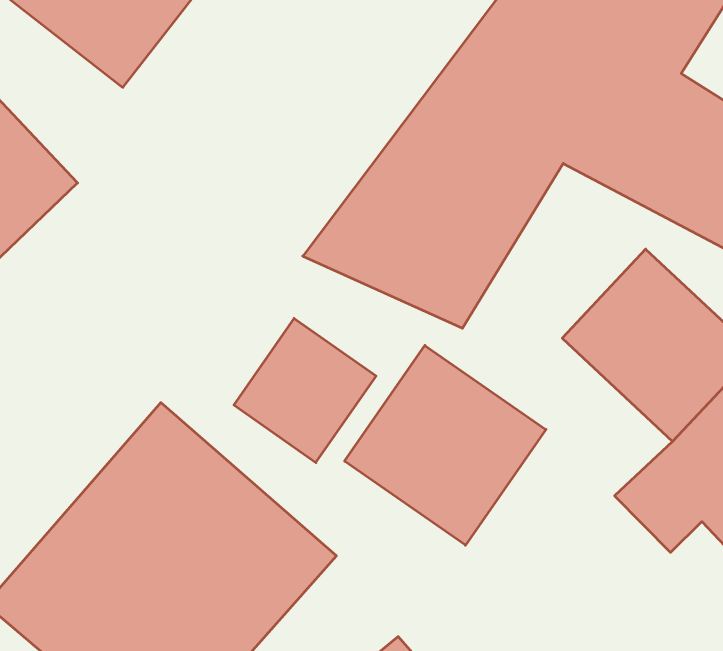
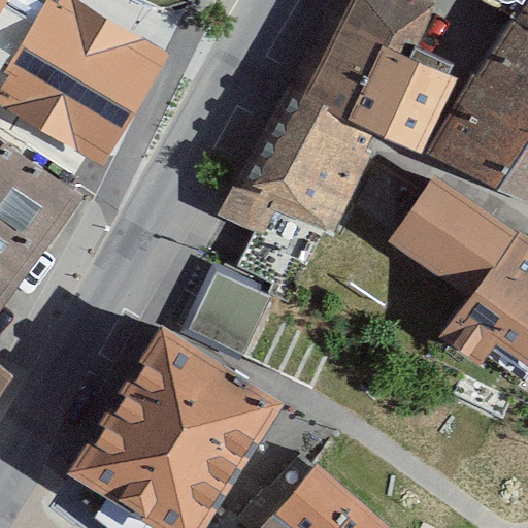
building: [345,345,546,545] -> none

